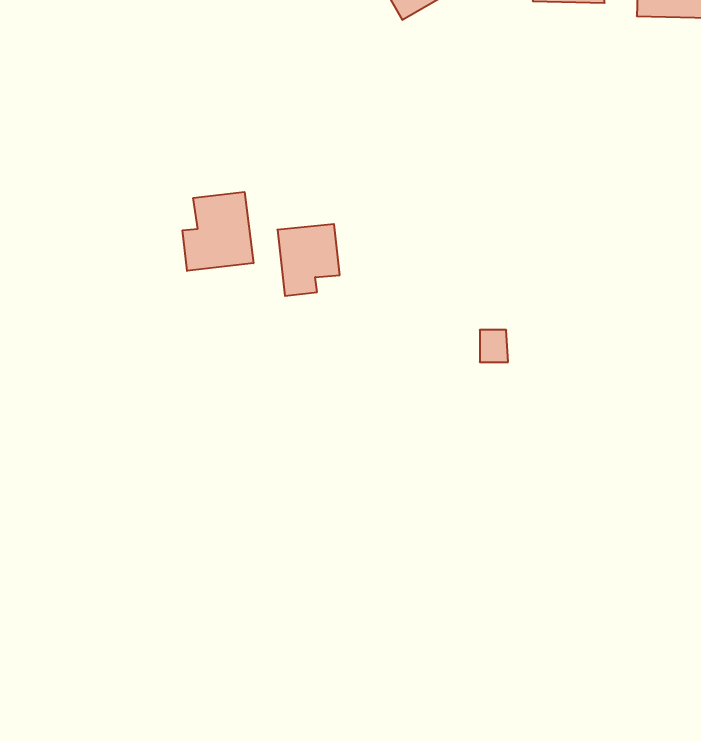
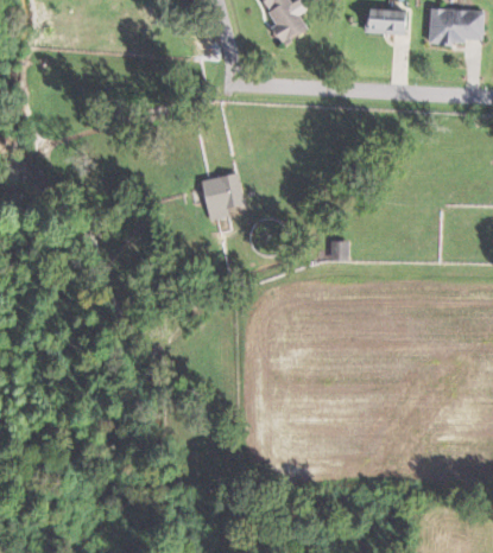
building: [183,192,253,271] -> none

